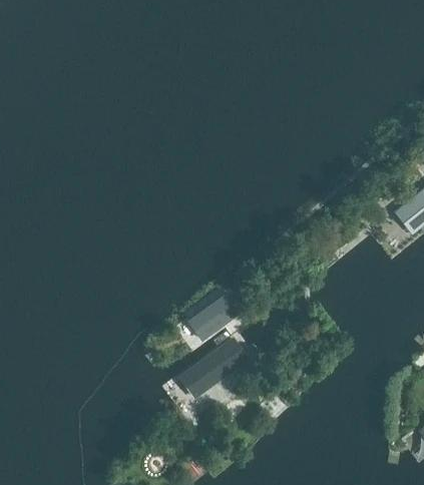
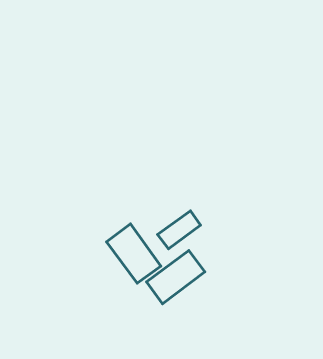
building: none -> [106,224,161,283]

